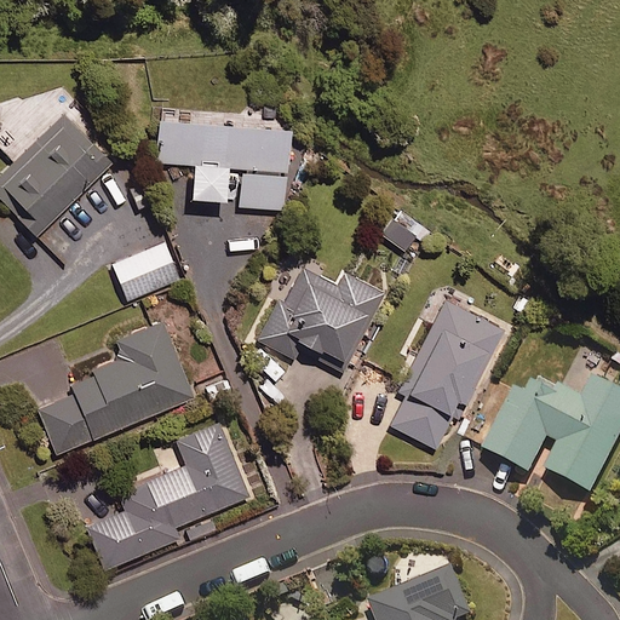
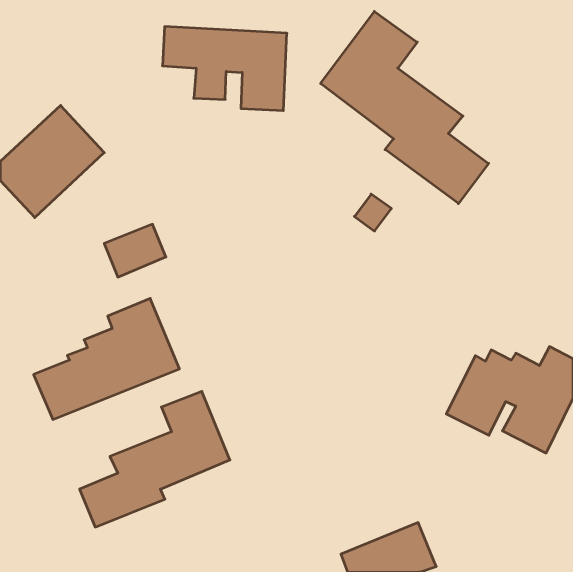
building: none -> [321,11,489,204]
building: [156,120,291,211] -> [162,27,287,111]
building: [258,262,385,372] -> none
building: [391,298,506,446] -> none

